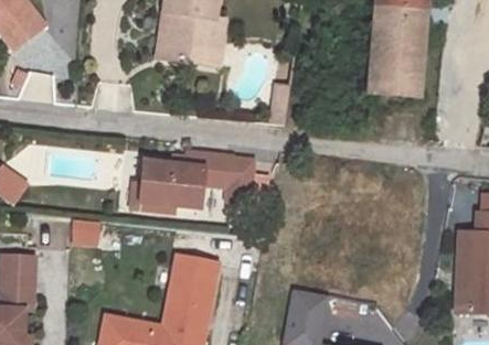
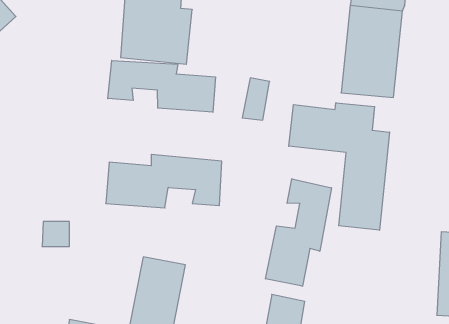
building: none -> [108,60,215,112]
building: none -> [289,103,390,230]
building: none -> [266,179,331,286]

